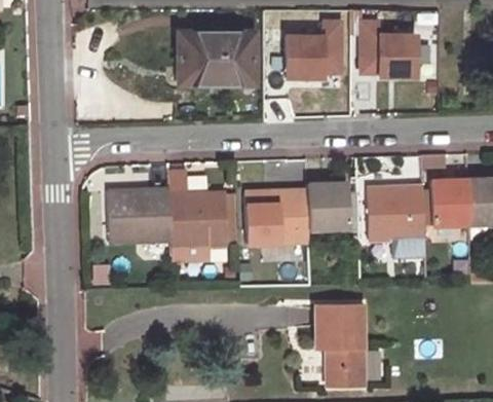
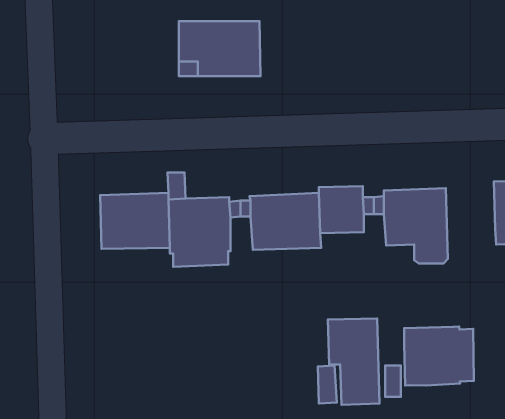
building: [287,21,342,77] -> none
building: [363,21,418,75] -> none
building: [431,179,469,223] -> none
building: none -> [404,326,474,385]

